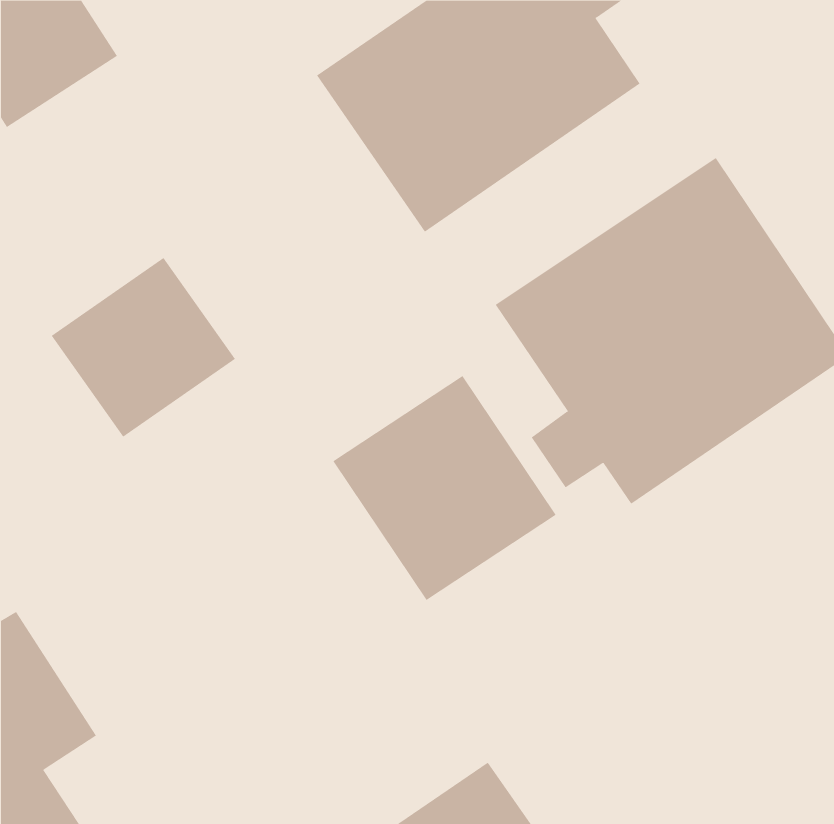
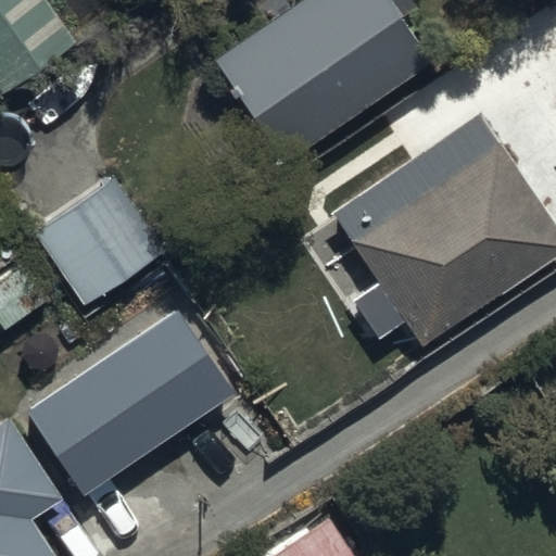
building: [332,375,556,601] -> none
building: none -> [31,317,240,504]

